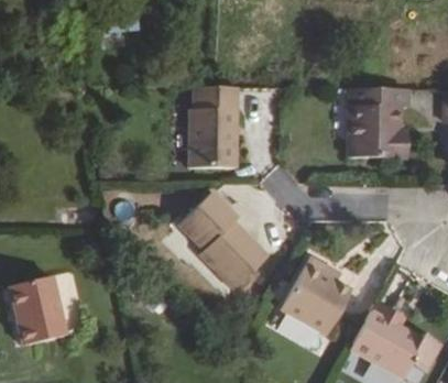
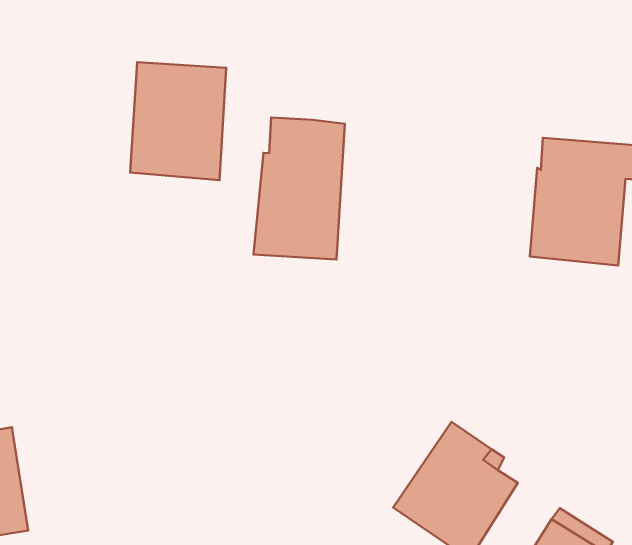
building: none -> [130,62,226,180]
building: [176,190,265,288] -> none

